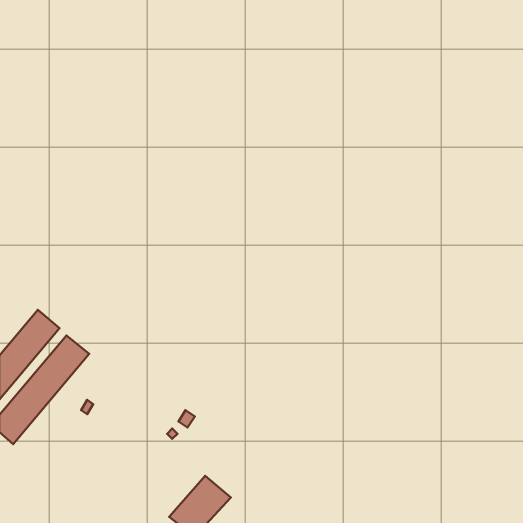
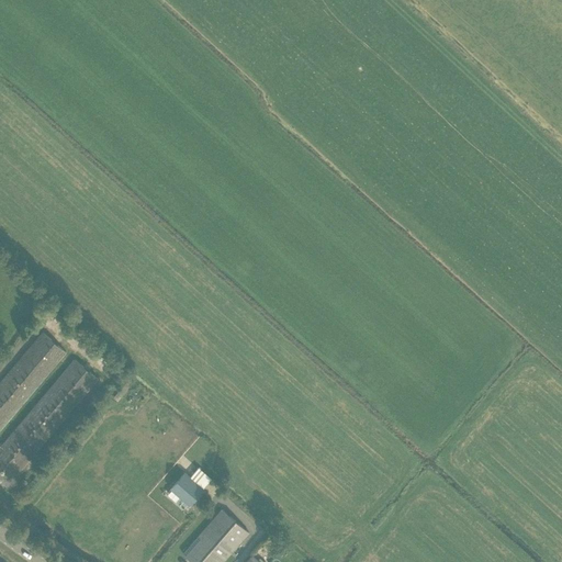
building: none -> [169,473,202,506]

